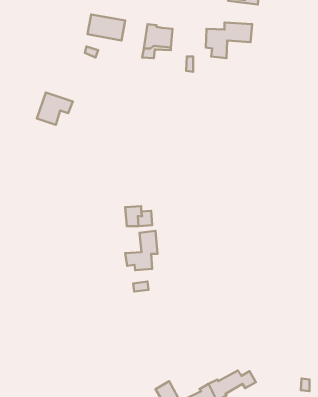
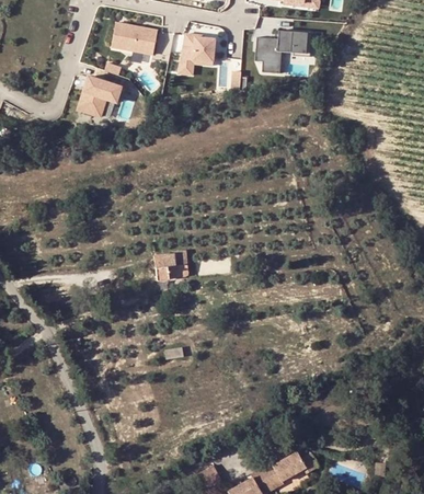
building: [37,92,73,125] -> [77,76,121,115]
building: [125,231,158,270] -> none

